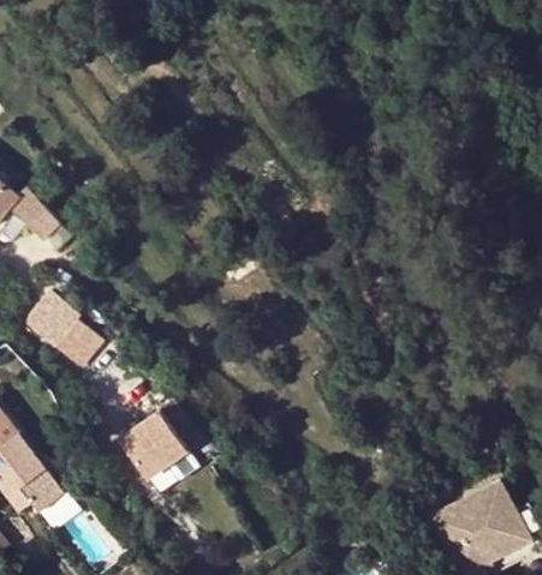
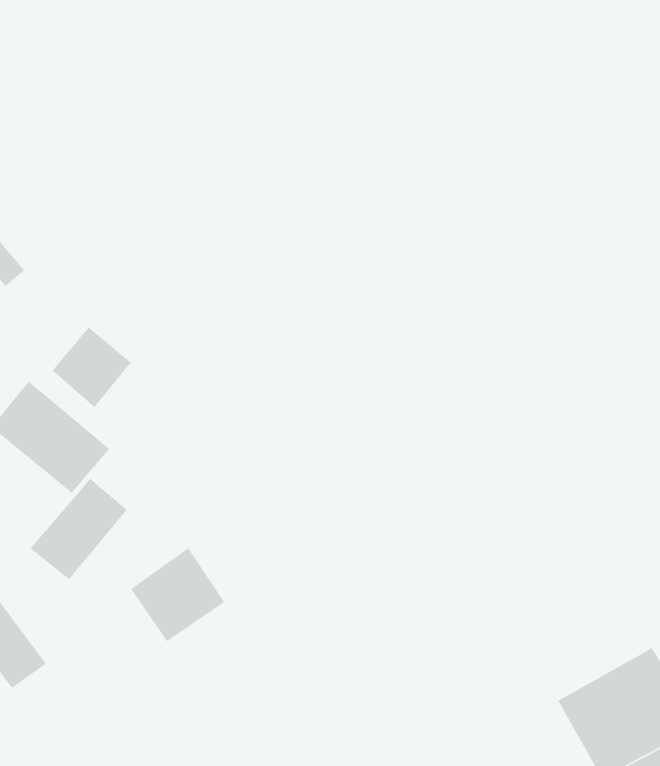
building: none -> [52,327,132,408]
building: none -> [30,478,128,580]

